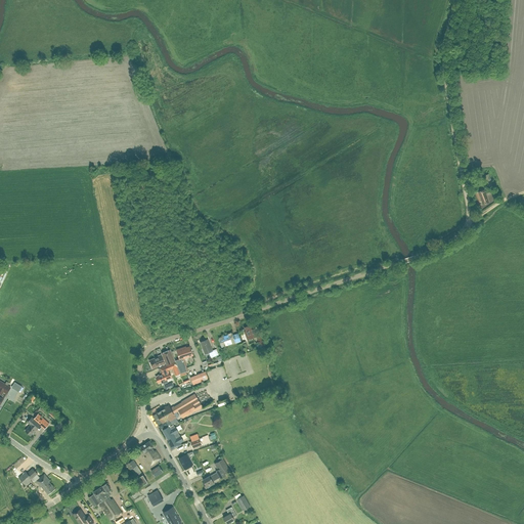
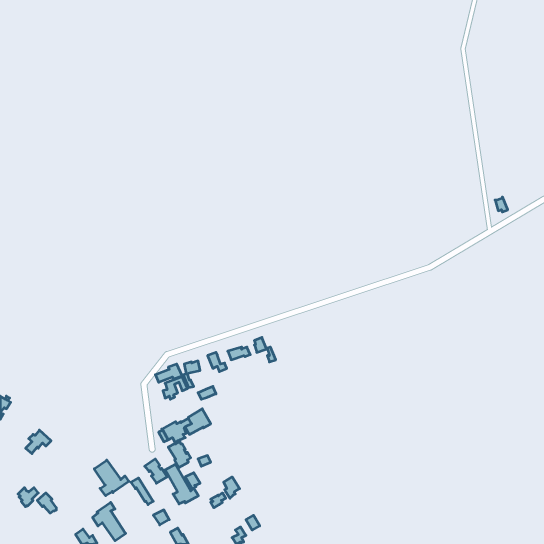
building: none -> [94,460,129,496]
building: none -> [165,464,198,504]

